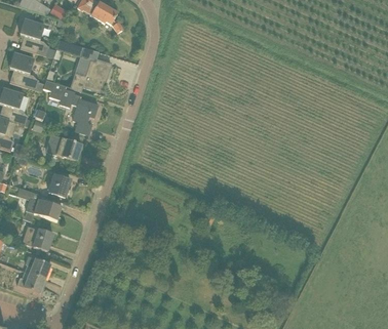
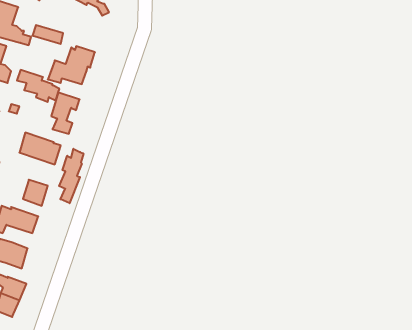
building: none -> [59,149,83,203]

